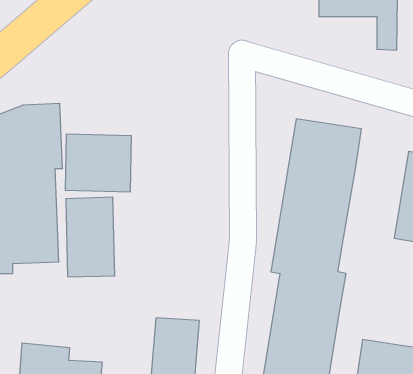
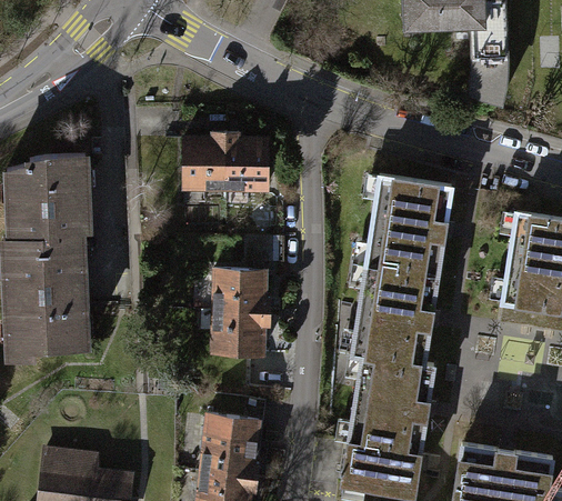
building: [65,134,131,192] -> [182,130,263,201]
building: [66,197,115,277] -> [207,271,267,369]

